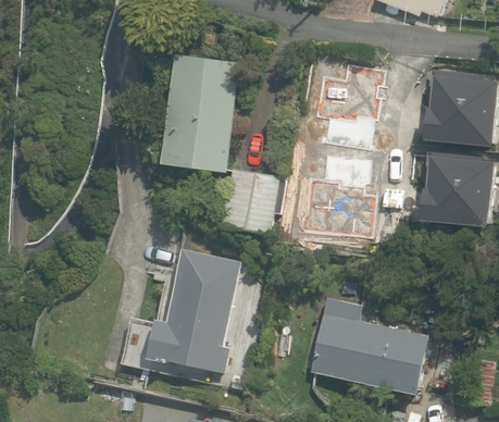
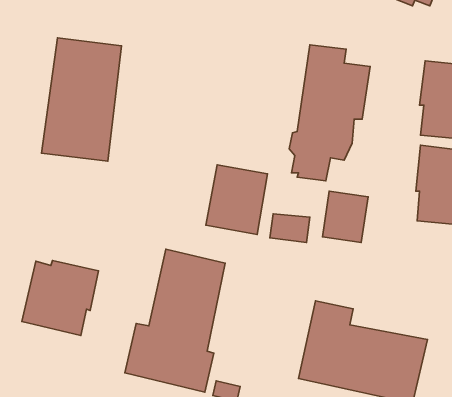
building: [162,54,238,172] -> [42,38,122,161]
building: none -> [22,260,98,336]

